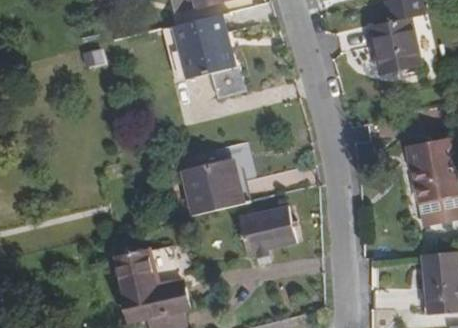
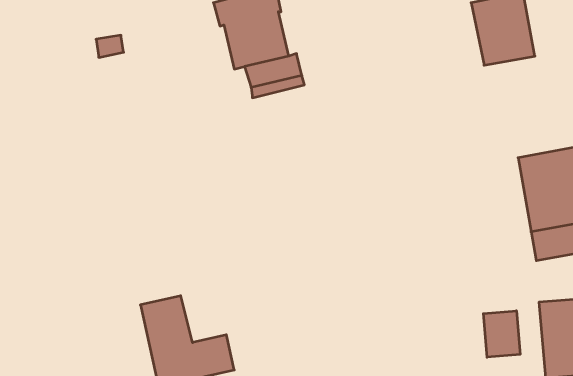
building: [184,158,242,215] -> none
building: [238,207,295,255] -> none
building: none -> [483,311,520,357]

